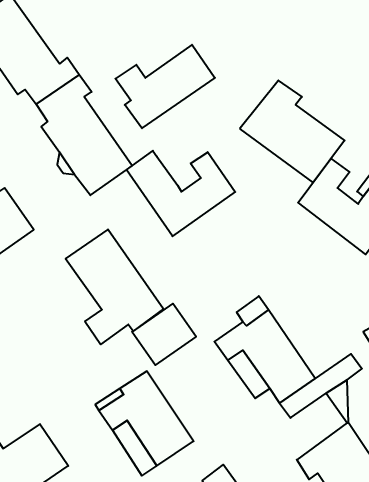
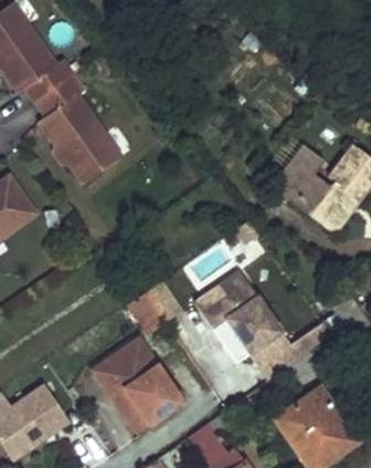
building: [115,45,215,128] -> none
building: [240,80,345,183] -> none
building: [127,151,235,236] -> none
building: [66,229,164,344] -> none

